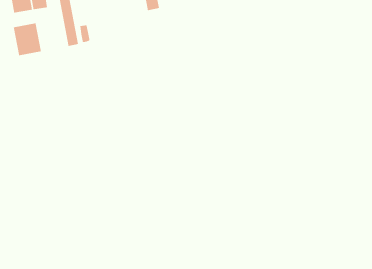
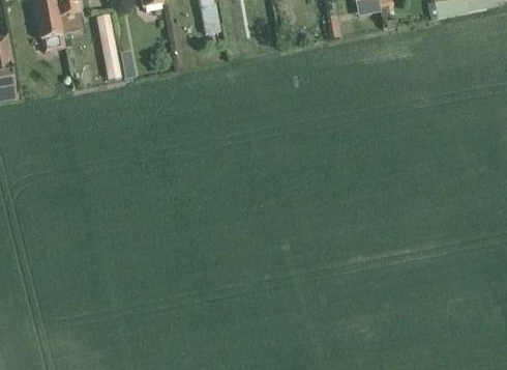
building: [13,23,41,56] -> none

